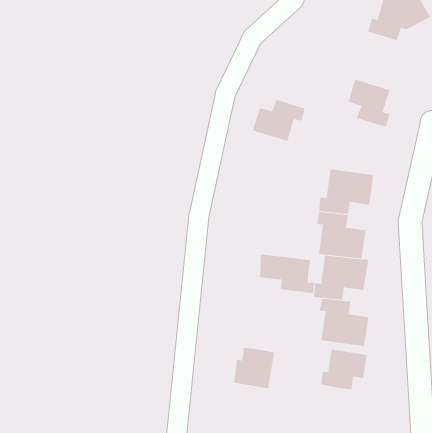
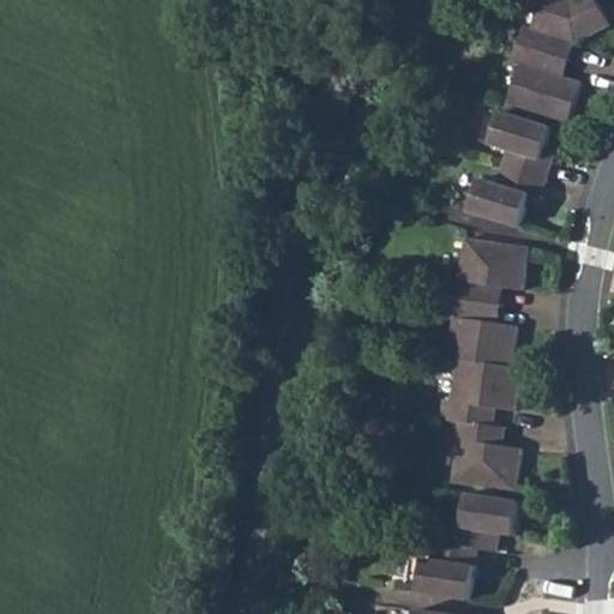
building: none -> [507,44,580,124]
building: [252,99,306,141] -> [469,167,544,227]
building: [259,254,315,294] -> none
building: [233,347,275,389] -> [419,541,477,600]

